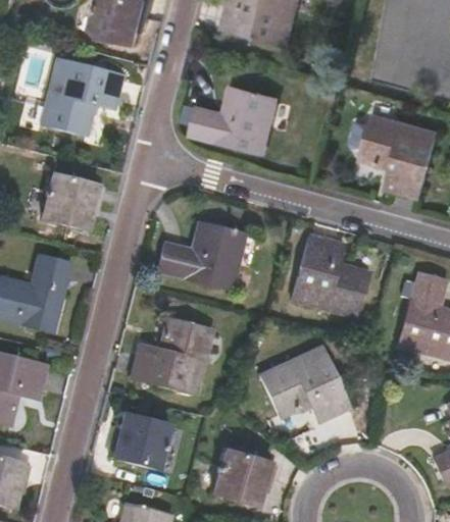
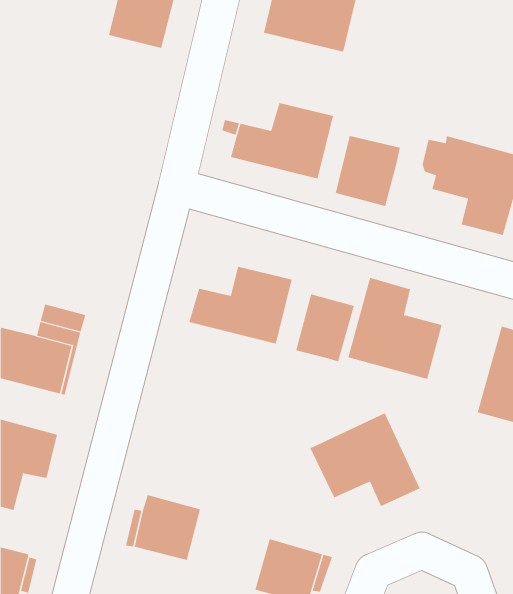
building: [41,55,124,136] -> none
building: none -> [335,135,401,207]
building: [42,174,98,228] -> none
building: none -> [296,294,354,362]
building: [130,317,213,395] -> none

